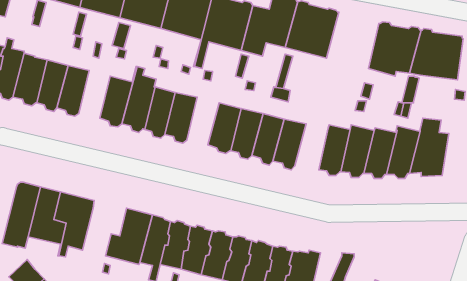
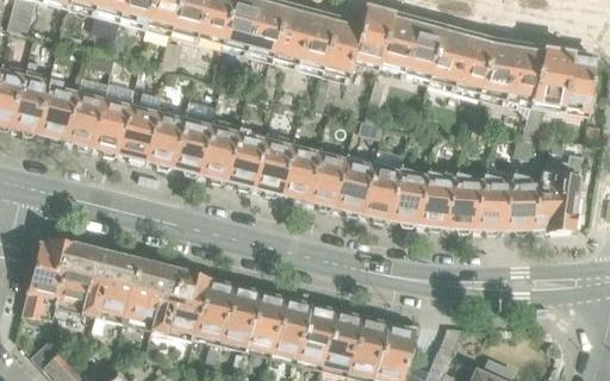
building: none -> [427,25,492,96]
building: none -> [118,99,157,163]
building: none -> [253,132,293,196]
building: none -> [387,164,429,227]
building: none -> [123,261,178,330]

